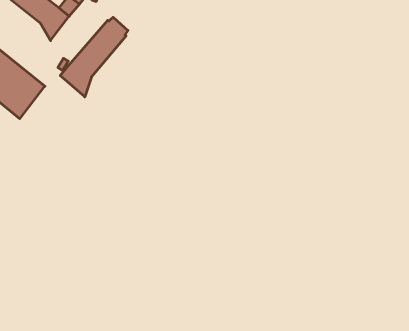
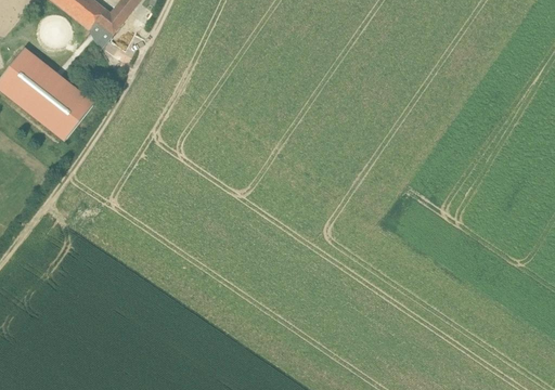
building: [60,17,128,97] -> none

